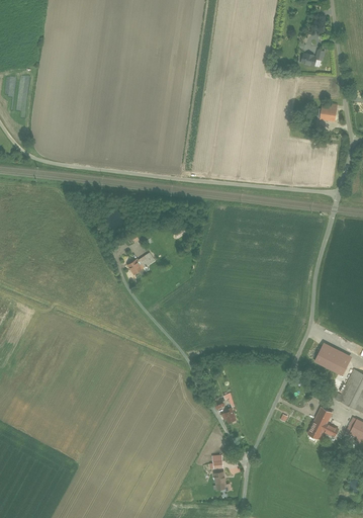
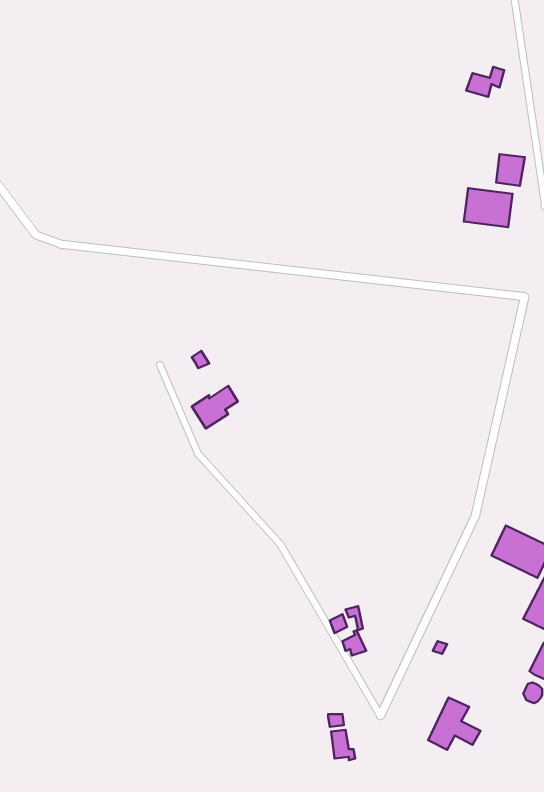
building: none -> [464,188,513,227]
building: [305,407,339,440] -> [428,697,480,750]

